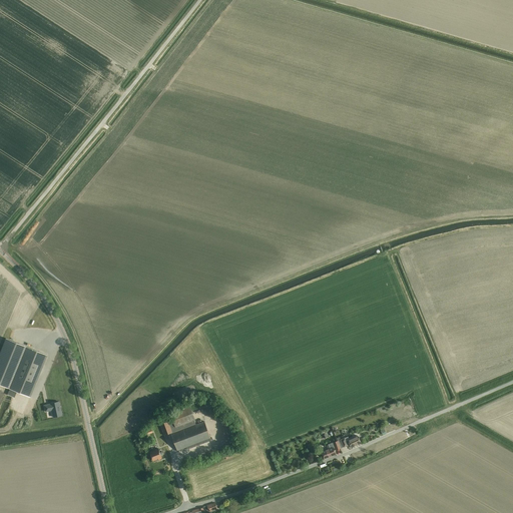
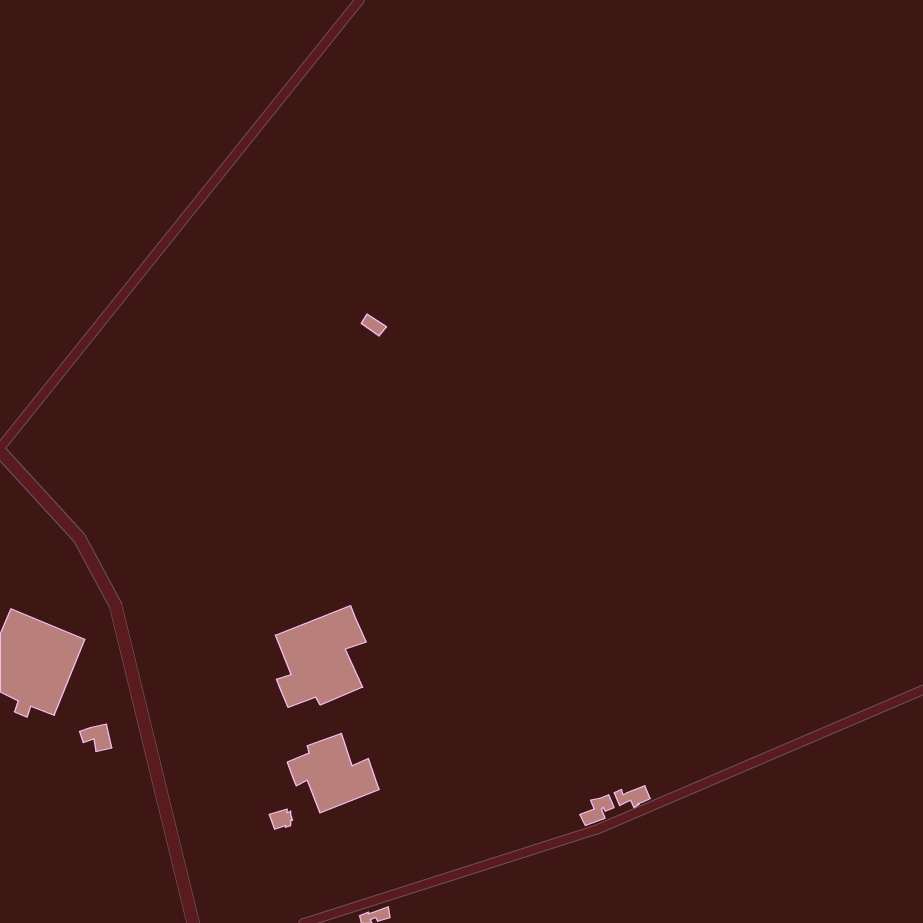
building: none -> [275,606,366,707]

